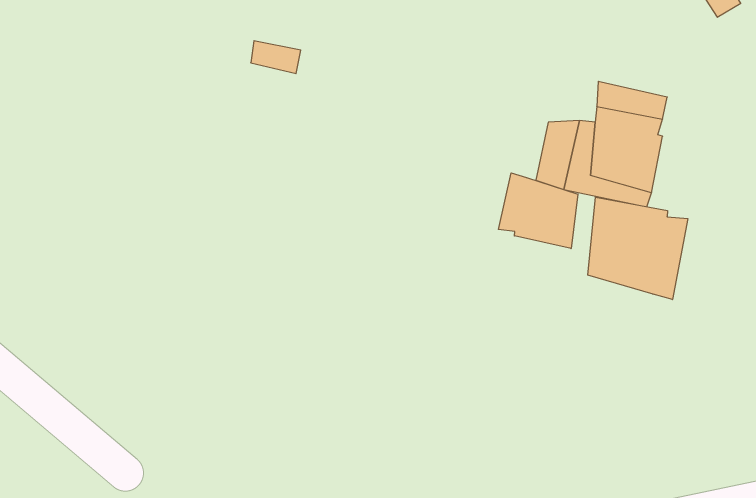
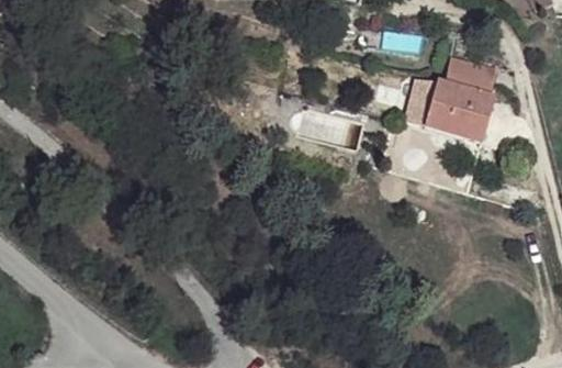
building: [498,173,578,249] -> none
building: [588,197,688,300] -> none

